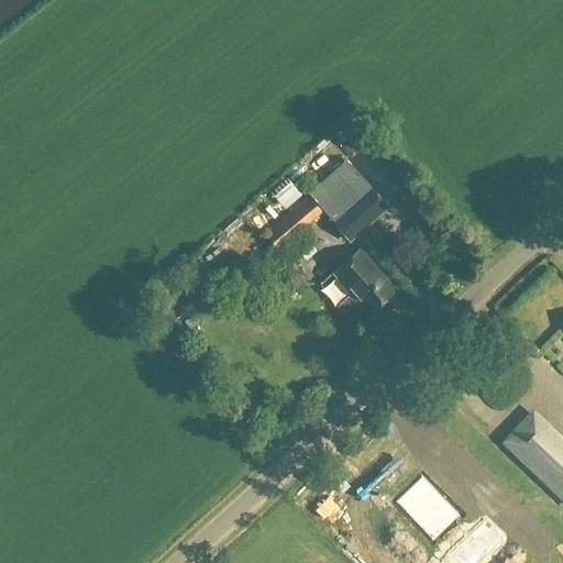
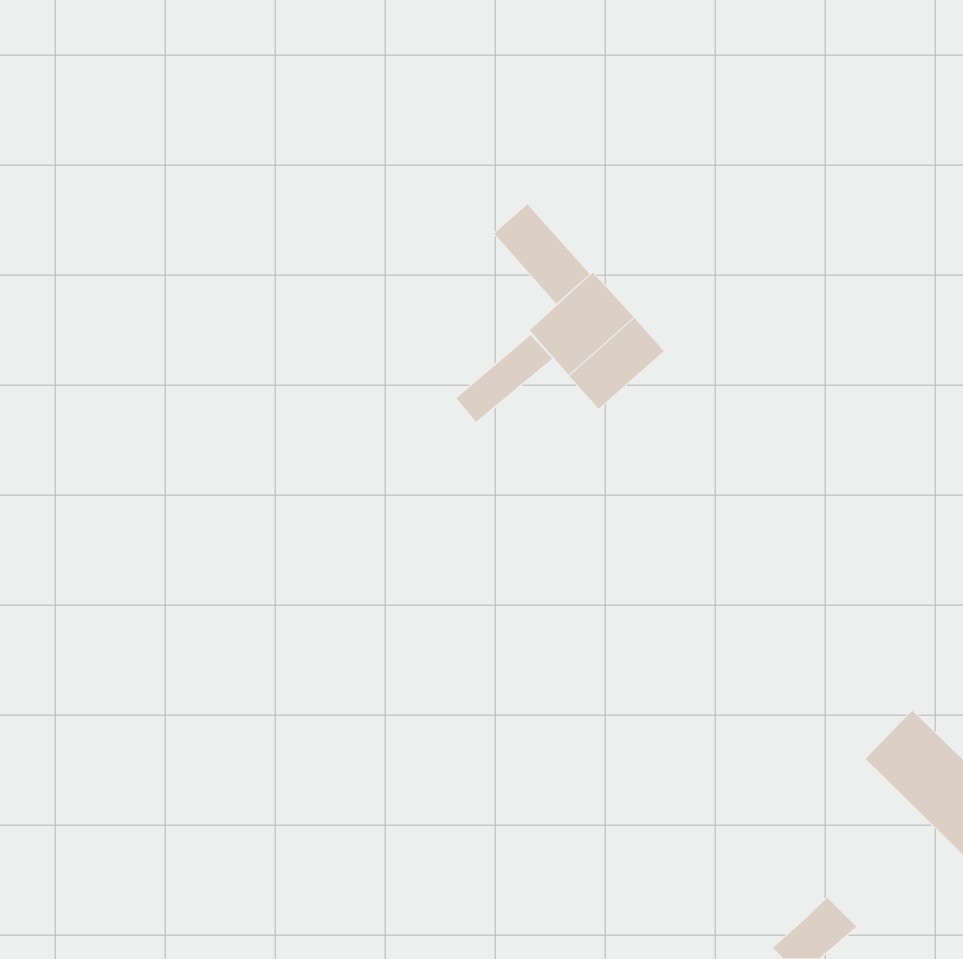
building: none -> [493,203,590,304]
building: [333,247,396,317] -> none
building: [397,477,459,540] -> none

